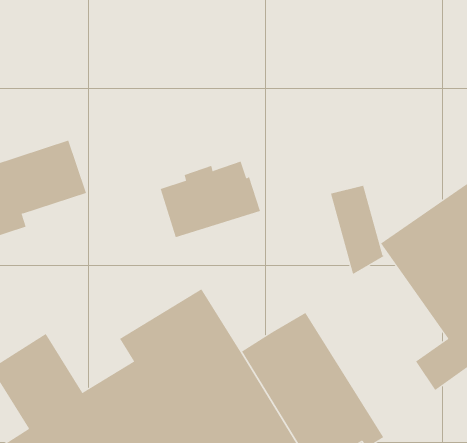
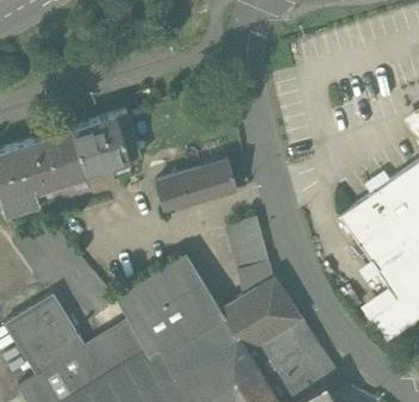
building: none -> [74,112,140,177]
building: [330,185,386,275] -> [227,216,275,292]

